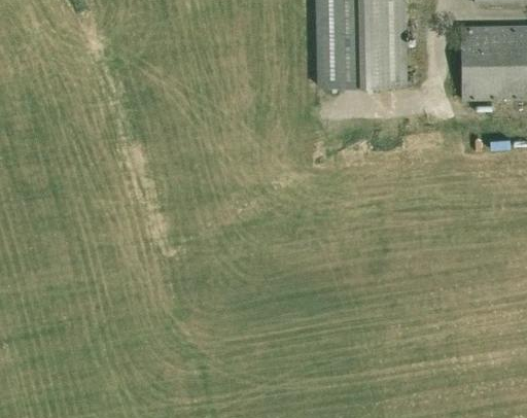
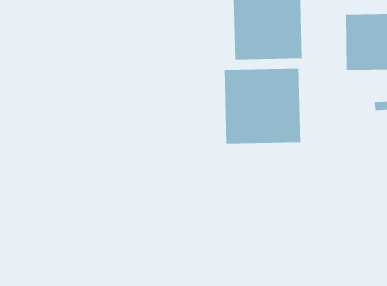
building: none -> [224,68,301,145]

